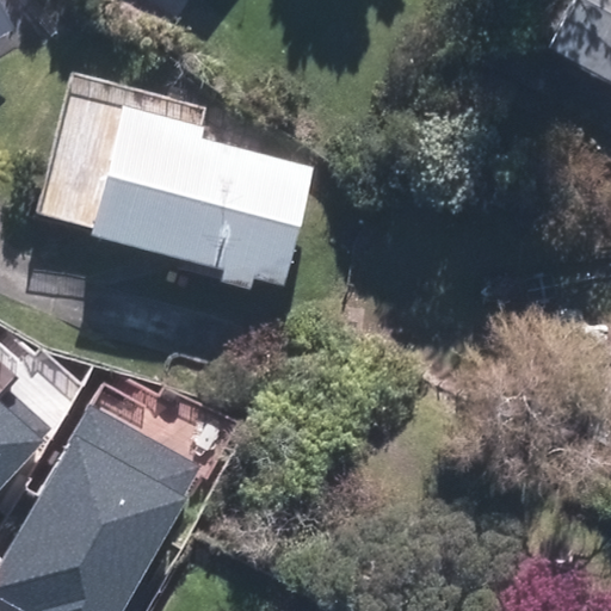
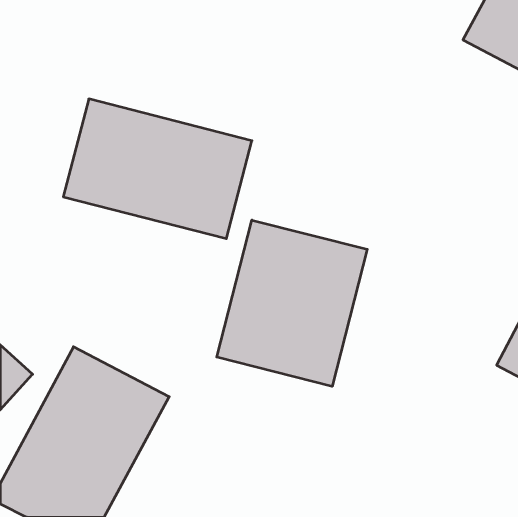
building: none -> [217,220,367,386]

